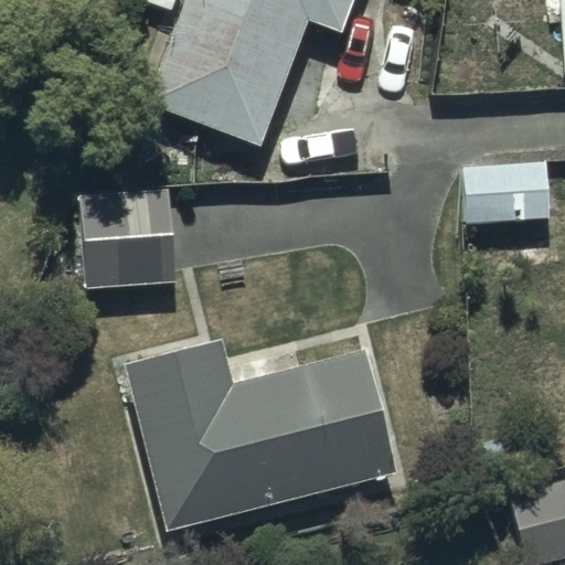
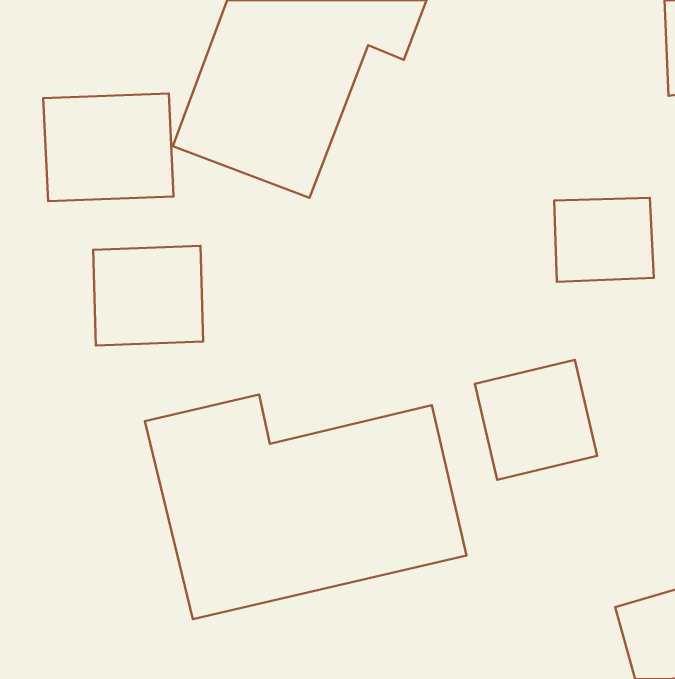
building: none -> [43,93,174,201]
building: none -> [475,360,597,480]

